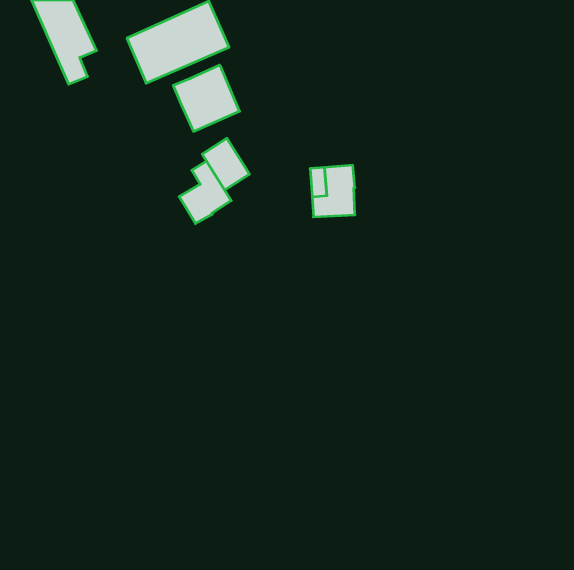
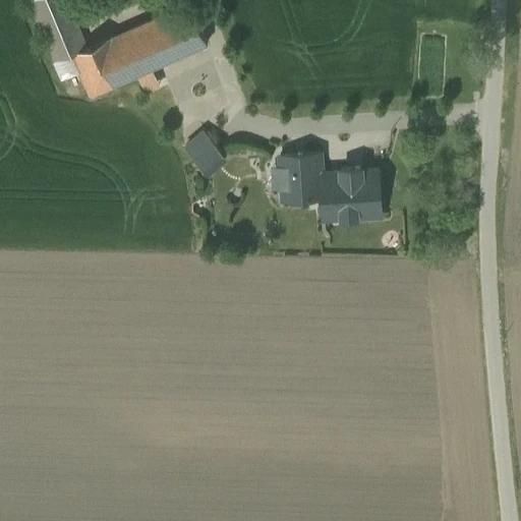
building: [173,65,240,131] -> [72,38,132,98]
building: [179,161,231,224] -> none
building: none -> [321,171,382,219]

